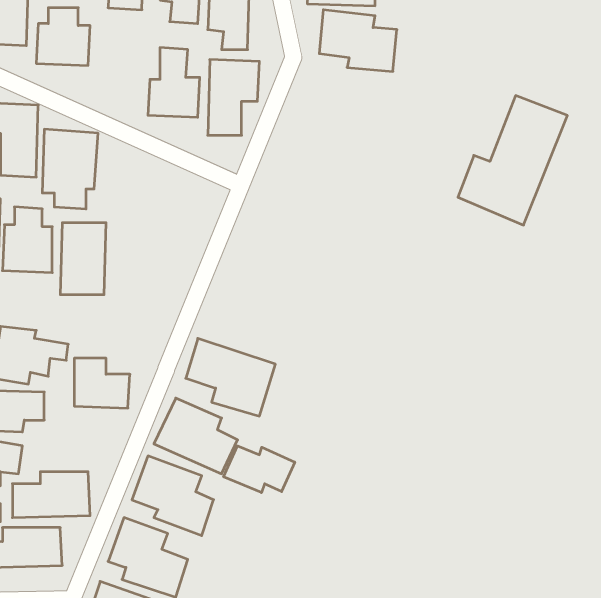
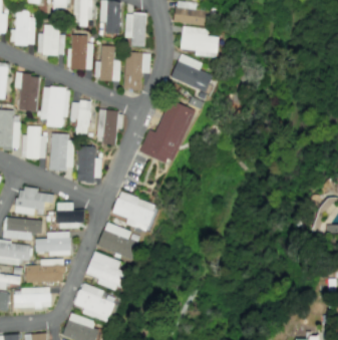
building: none -> [71,34,93,69]
building: none -> [171,53,214,92]
building: [458,96,567,225] -> [140,99,196,164]
building: none -> [71,100,90,134]
building: none -> [97,109,123,143]
building: none -> [77,145,101,181]
building: none -> [35,232,71,256]
building: [224,446,295,493] -> none

